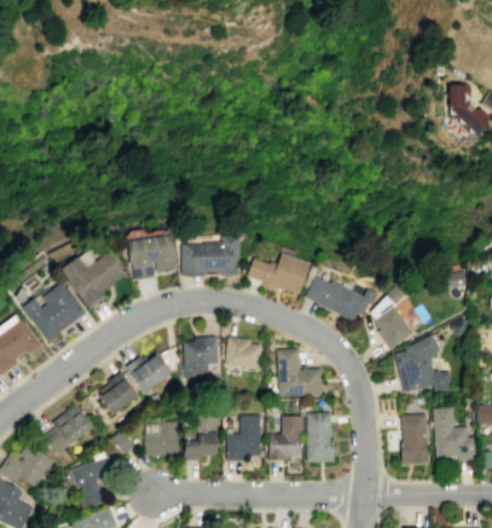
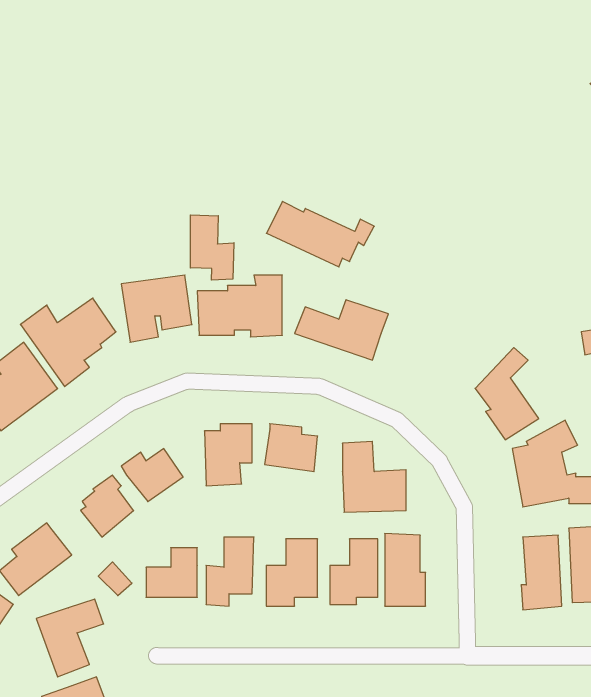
building: none -> [190,215,234,280]
building: [303,275,377,320] -> [266,201,374,267]

